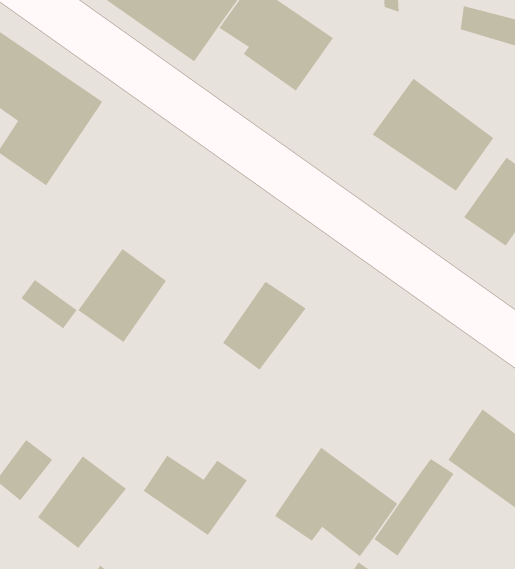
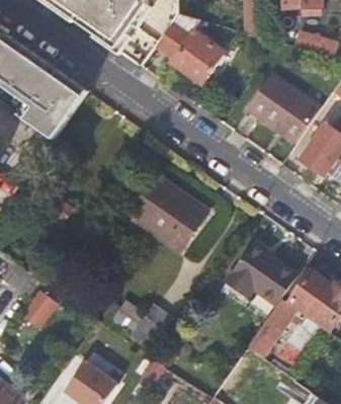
building: [77,248,167,343] -> [130,176,182,232]
building: [274,447,398,557] -> [223,243,295,308]
building: [37,455,127,549] -> none

